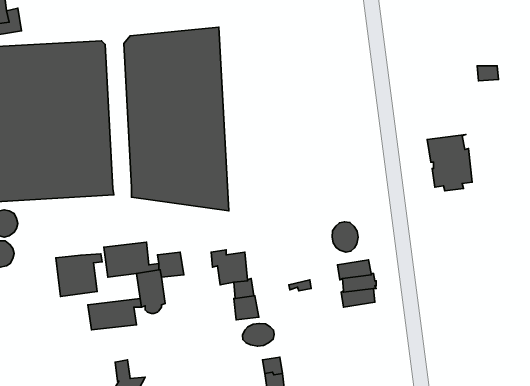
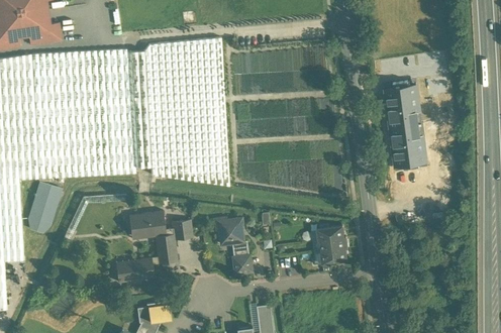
building: none -> [128,50,149,168]
building: none -> [385,82,420,128]
building: [332,222,358,252] -> none
building: [56,254,102,296] -> none
building: [242,324,274,346] -> none
building: none -> [145,302,171,321]

